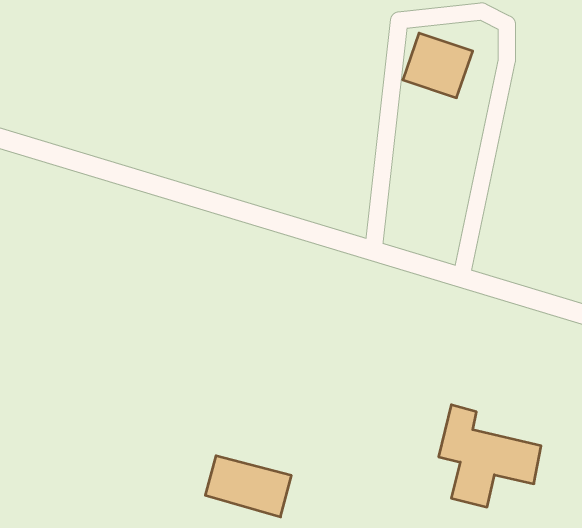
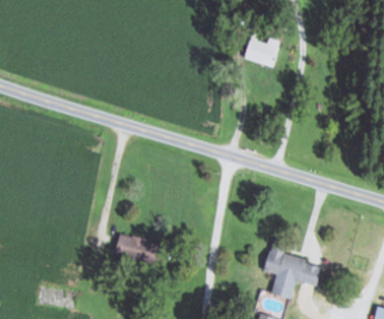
building: [205,456,291,517] -> [114,233,163,267]

